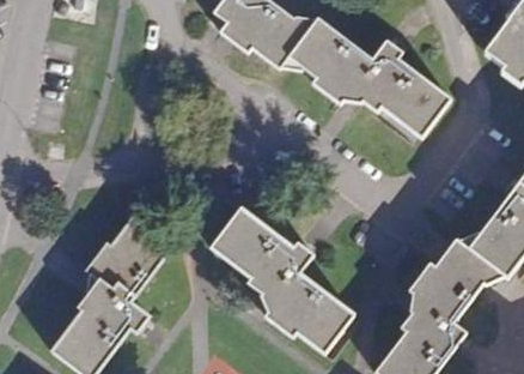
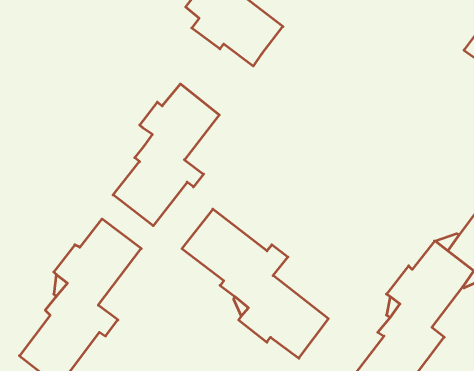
building: [290,18,451,137] -> none
building: none -> [113,84,219,226]

